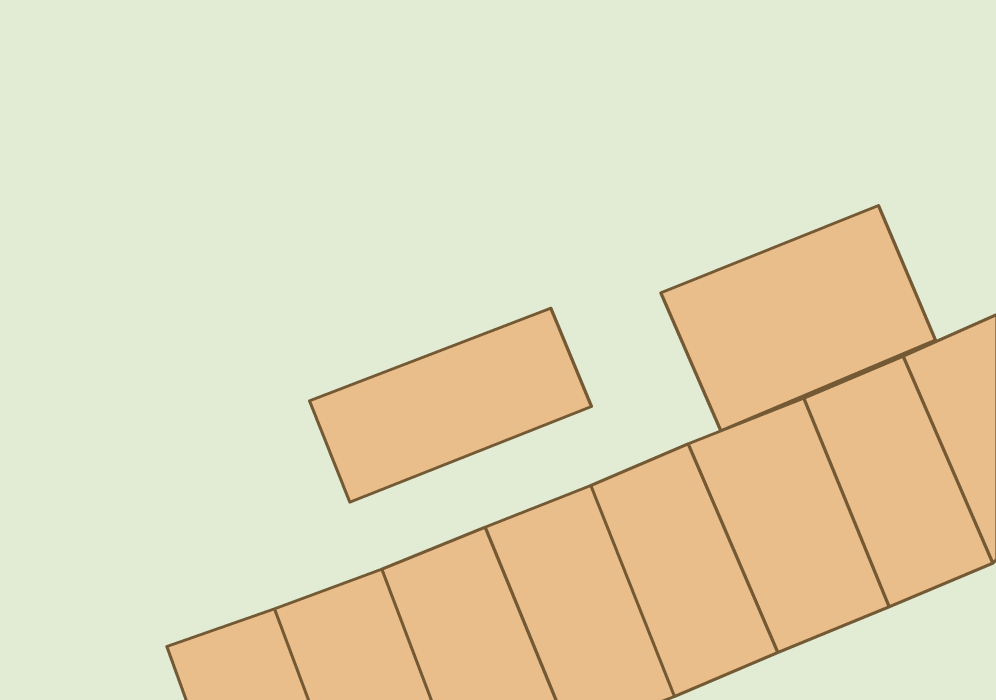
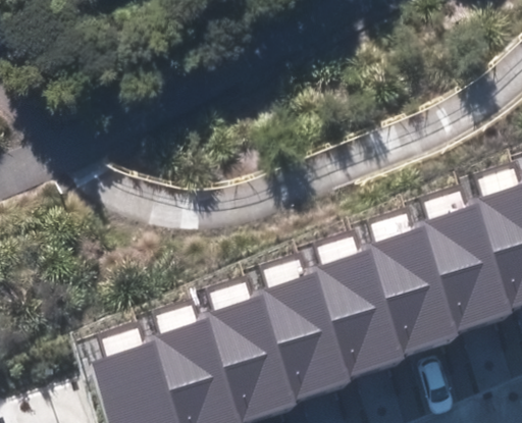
building: [661,206,935,431] -> none
building: [310,308,591,502] -> none

